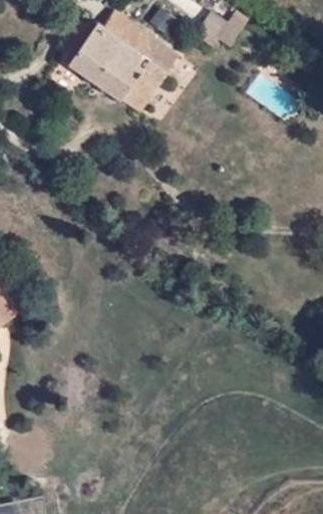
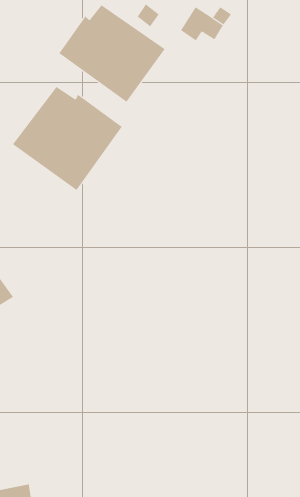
building: none -> [12,86,122,191]

